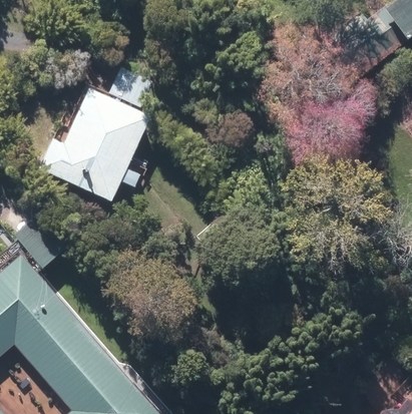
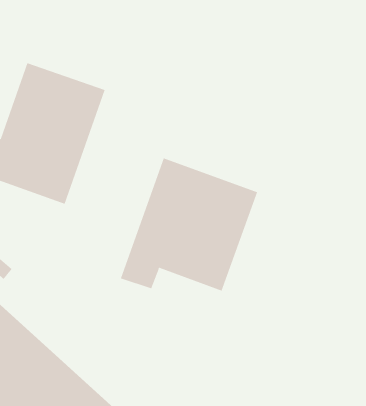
building: none -> [120,157,258,292]

